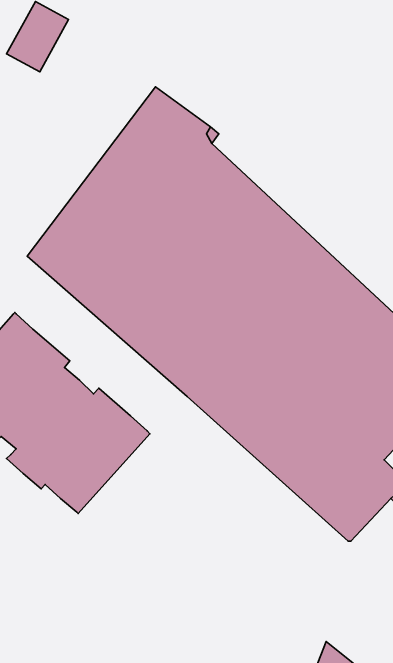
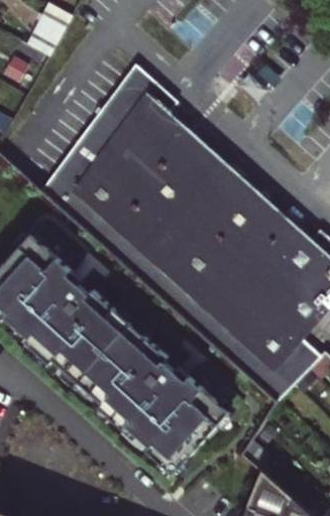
building: none -> [79,321,230,472]

